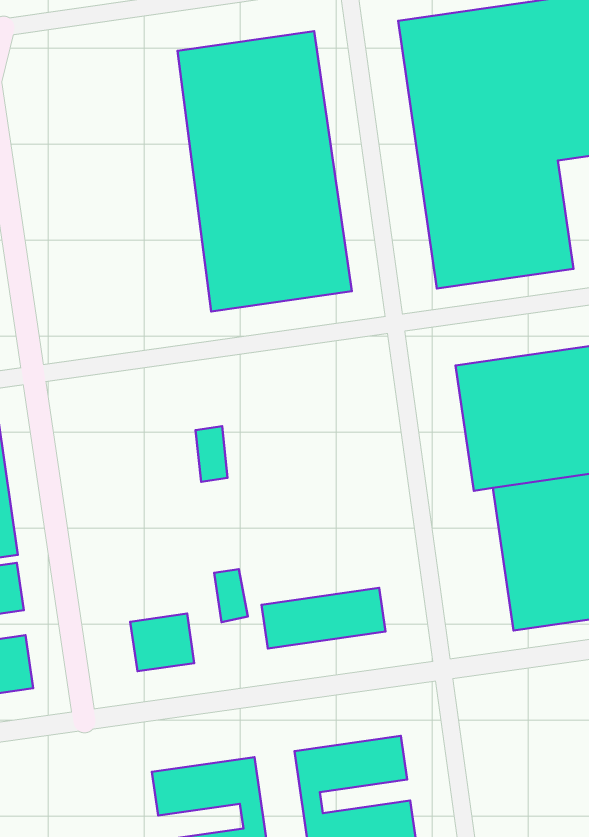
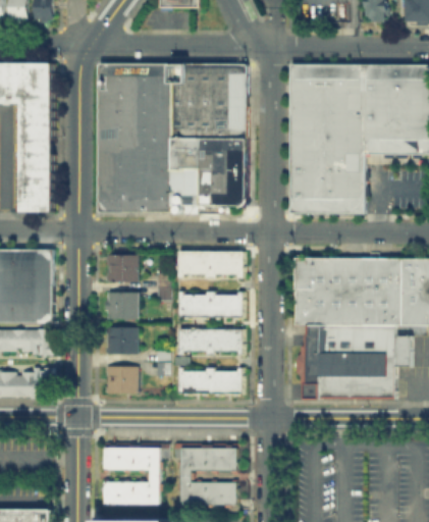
building: none -> [99,70,174,210]
building: none -> [176,249,242,272]
building: none -> [107,256,139,282]
building: none -> [176,293,242,316]
building: none -> [107,294,137,318]
building: none -> [176,327,239,350]
building: none -> [106,329,137,353]

